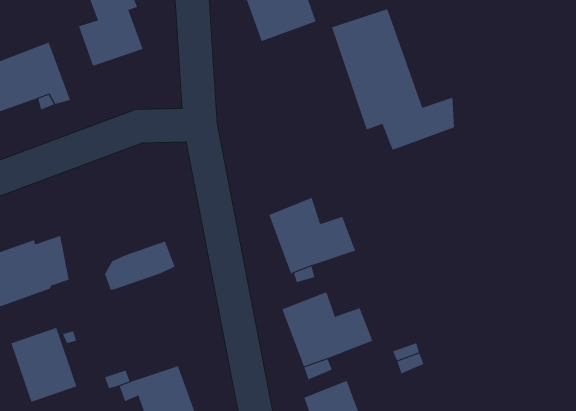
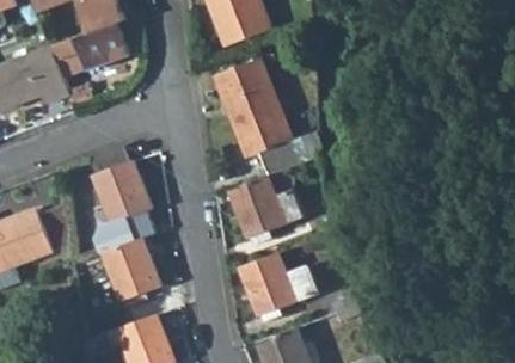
building: [331,8,455,151] -> [215,60,317,177]
building: none -> [87,147,151,224]
building: [10,327,77,403] -> [102,240,157,302]

